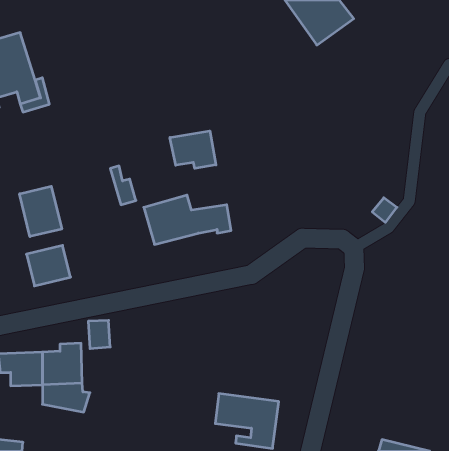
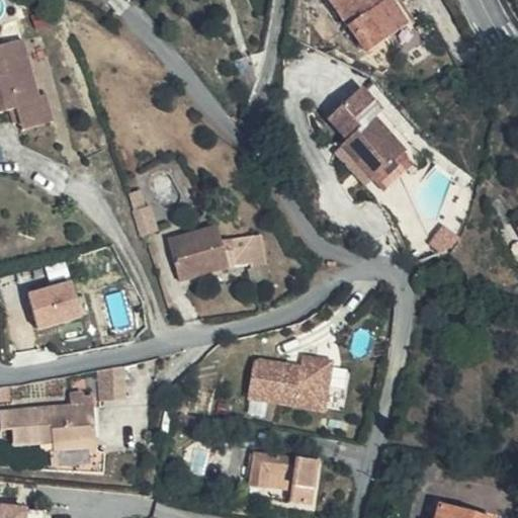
building: none -> [326,88,410,192]
building: [170,131,216,168] -> none
building: [20,186,62,237] -> none
building: none -> [249,353,335,411]

